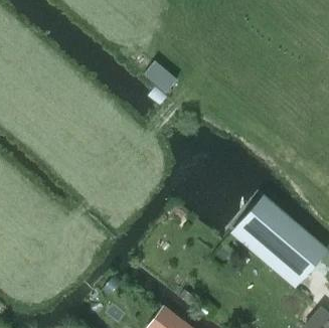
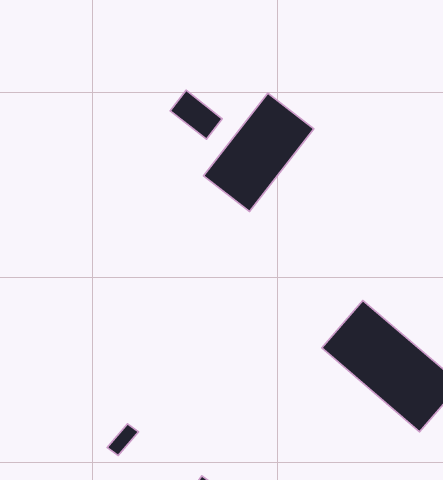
building: none -> [203,93,314,212]

